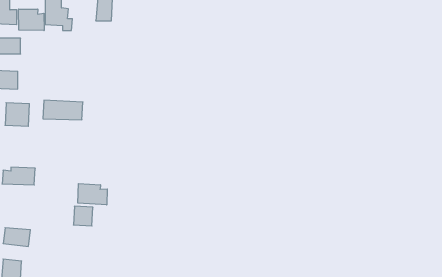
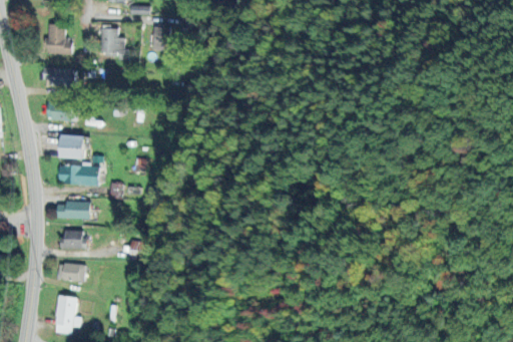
building: [19,9,44,31] -> none
building: [43,100,83,120] -> [58,164,99,185]
building: [78,184,107,205] -> none
building: none -> [61,230,87,249]

